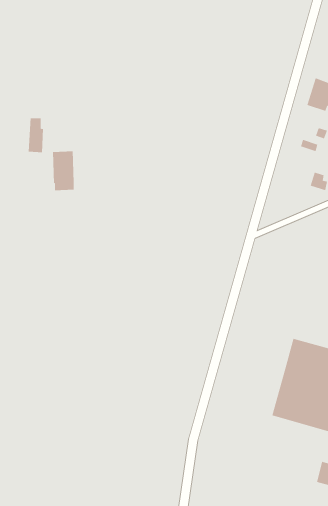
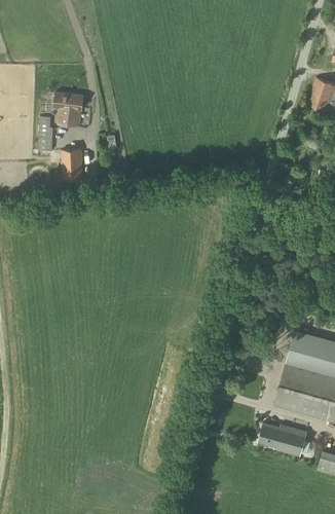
building: none -> [53,91,84,126]
building: none -> [258,423,306,454]

